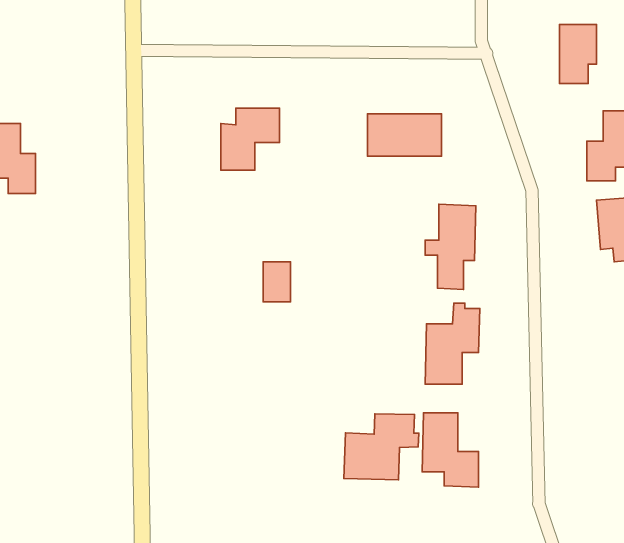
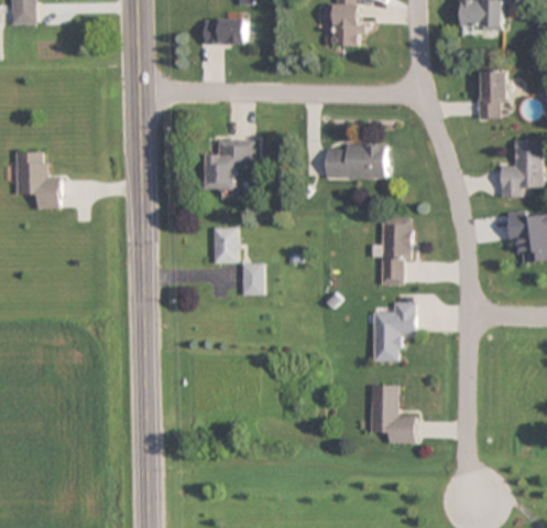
building: none -> [214,226,237,262]
building: [344,414,419,480] -> none

